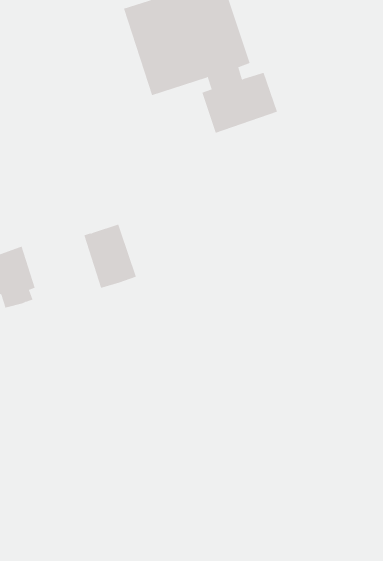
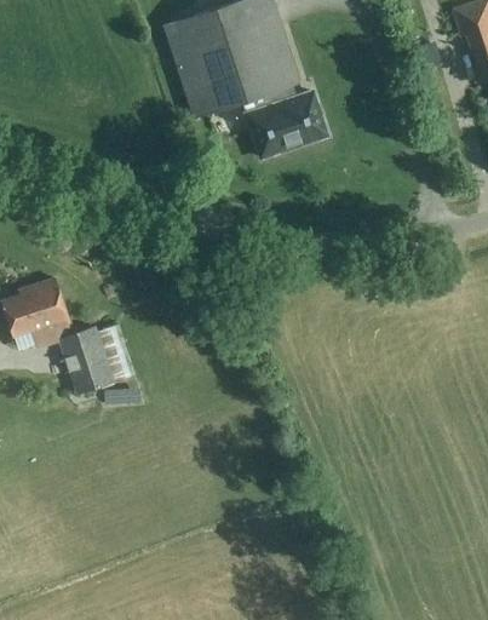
building: [84,224,137,289] -> [59,326,116,395]

